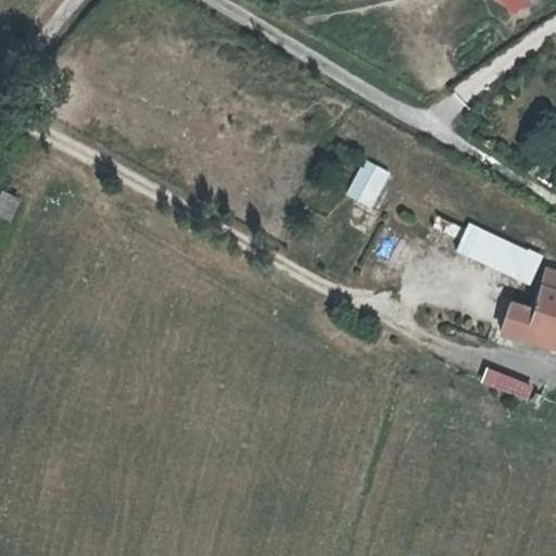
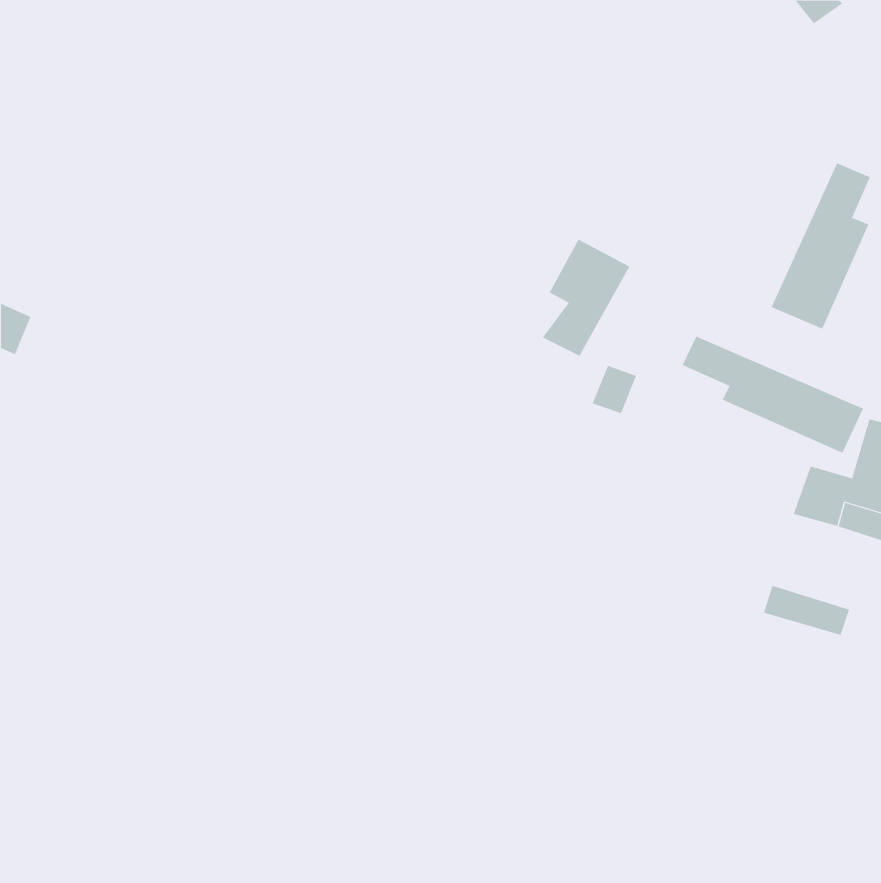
building: none -> [771,163,871,330]

